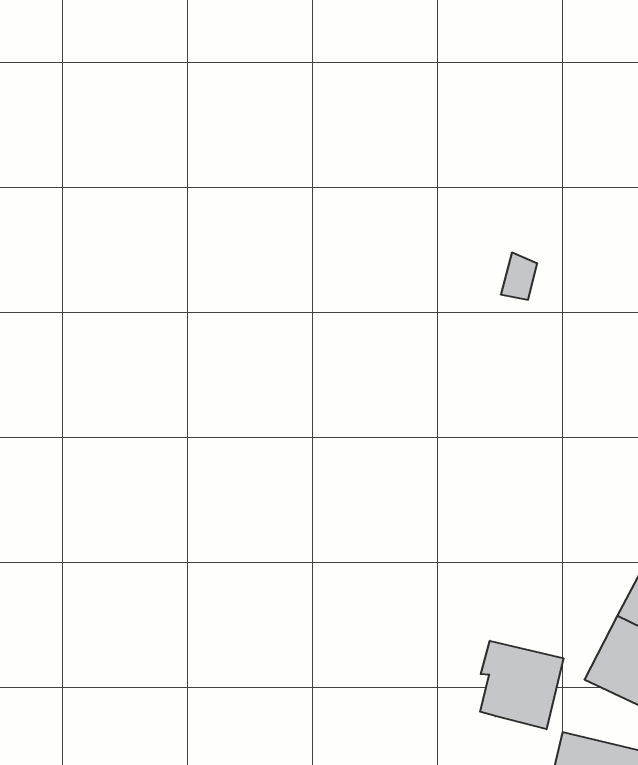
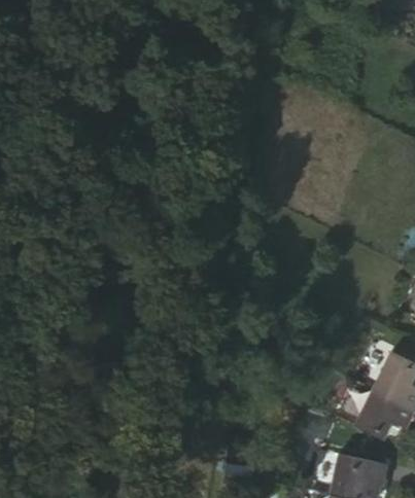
building: [480,641,563,729] -> none

